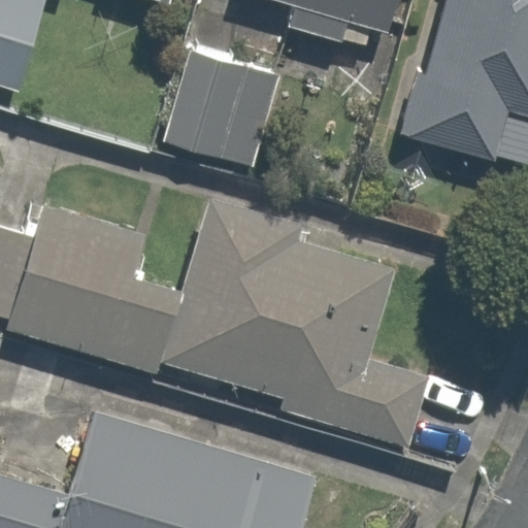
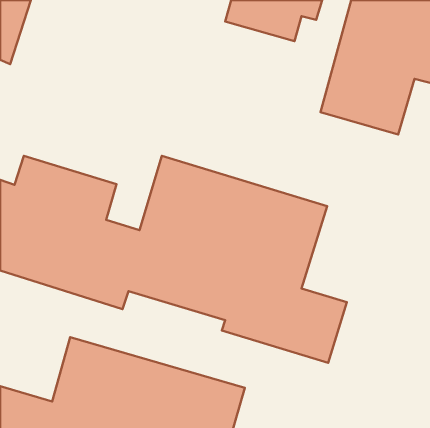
building: [160,43,278,164] -> none

